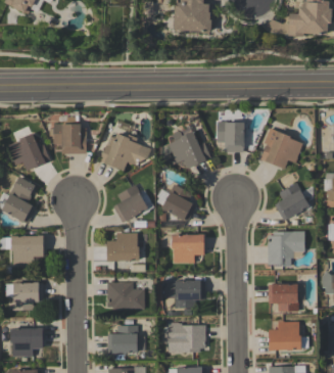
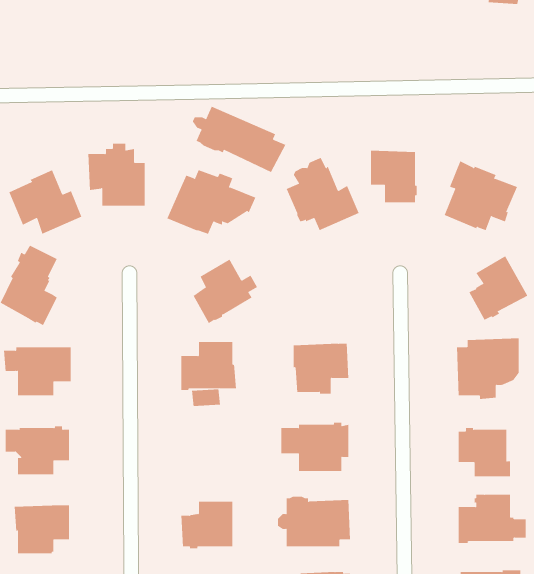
building: none -> [192,106,286,173]
building: [161,184,197,220] -> none
building: [107,281,144,309] -> none

